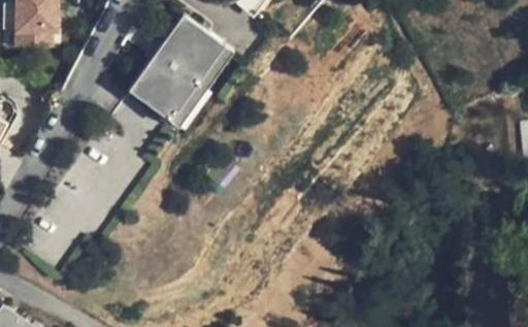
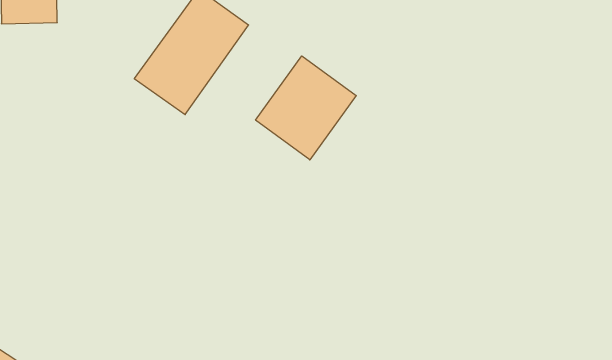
building: none -> [256,56,356,160]

